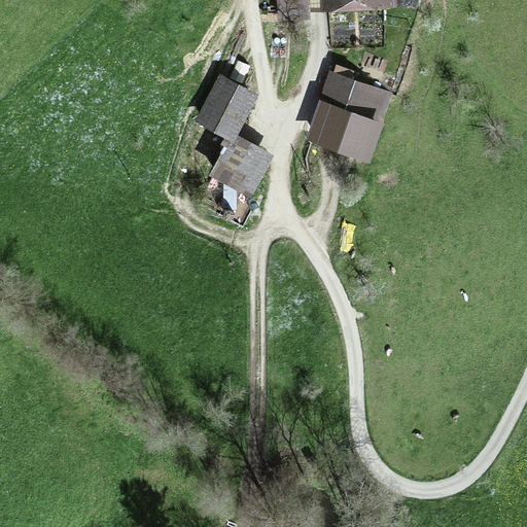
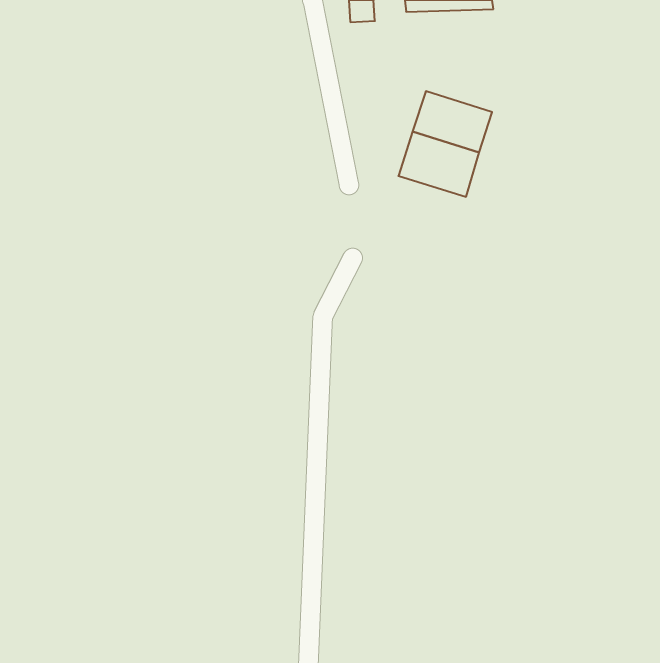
building: [199,80,249,135] -> none
building: [211,139,257,188] -> none

